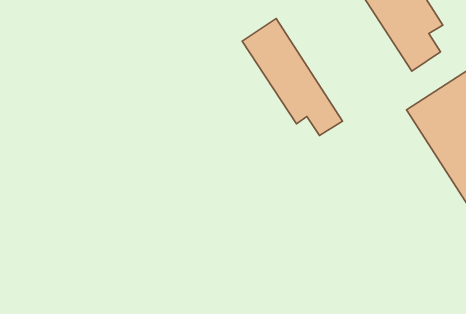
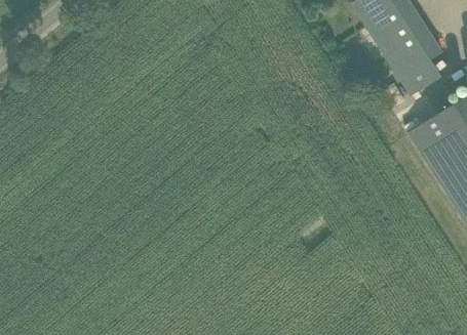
building: [242,19,343,136] -> none

